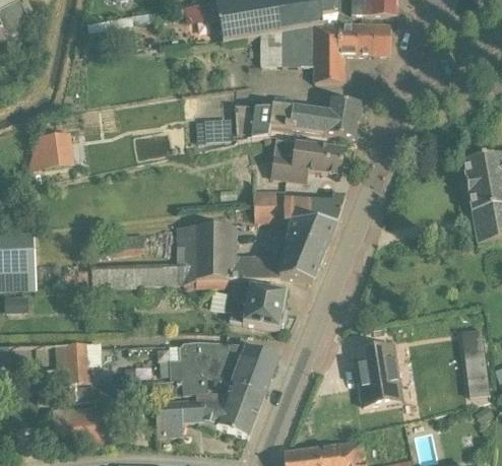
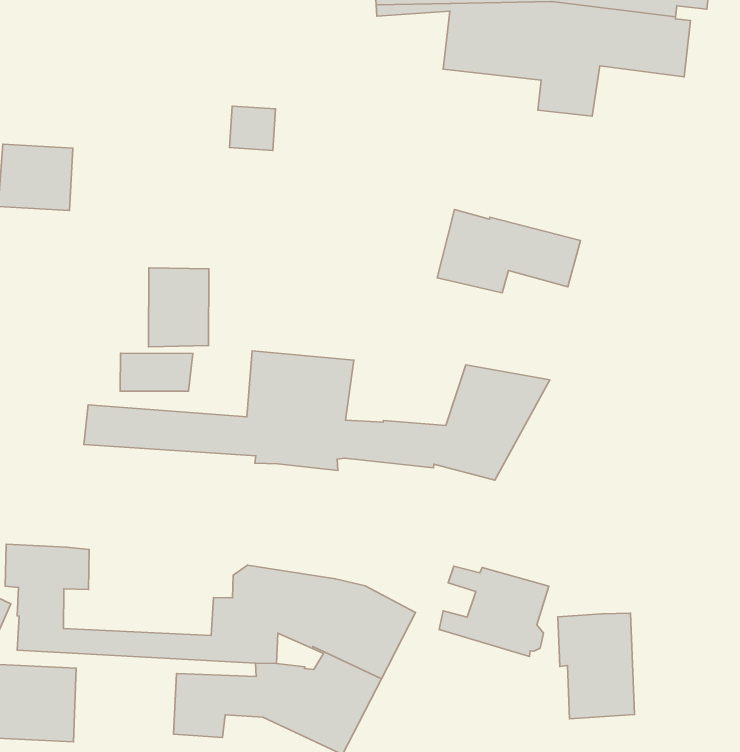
building: [235,97,362,139] -> none
building: [206,118,231,141] -> [229,106,276,150]
building: none -> [149,268,209,347]
building: [253,190,346,224] -> none
building: [230,284,286,329] -> [439,566,549,656]

